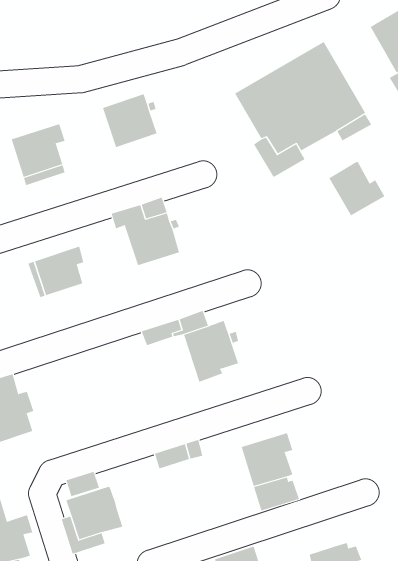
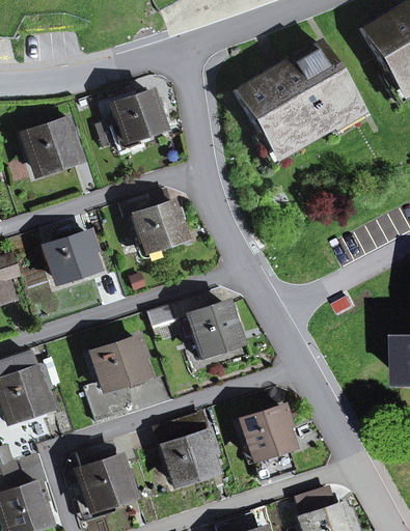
building: [329,161,385,216] -> none
building: none -> [86,338,146,421]
building: none -> [164,432,214,481]
building: none -> [297,486,334,521]

